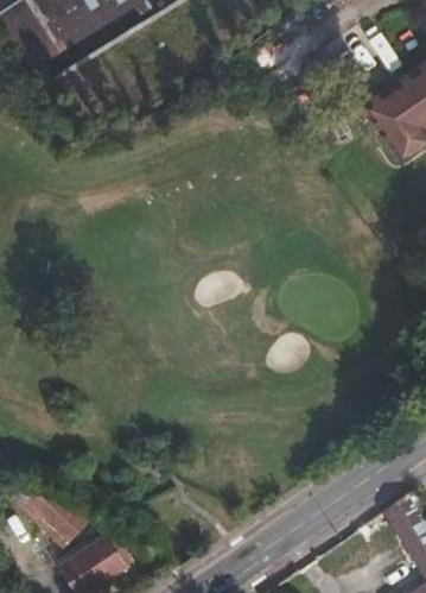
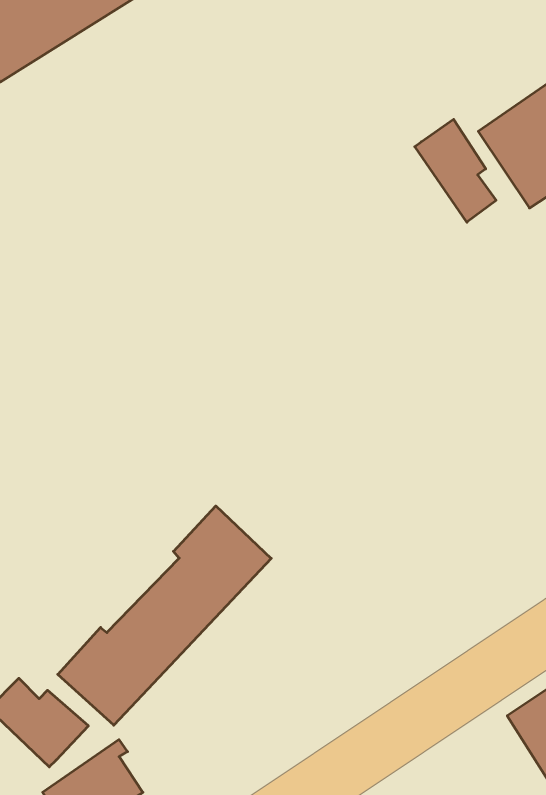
building: none -> [415,119,496,222]
building: none -> [58,506,271,725]

